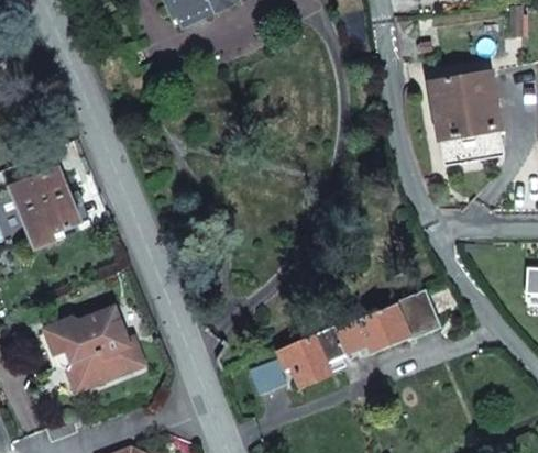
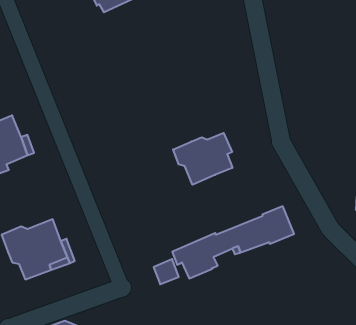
building: [432,71,503,165] -> none
building: none -> [173,133,232,185]

